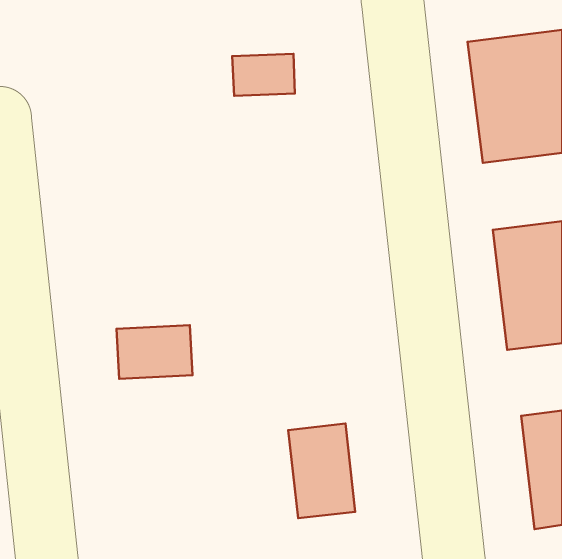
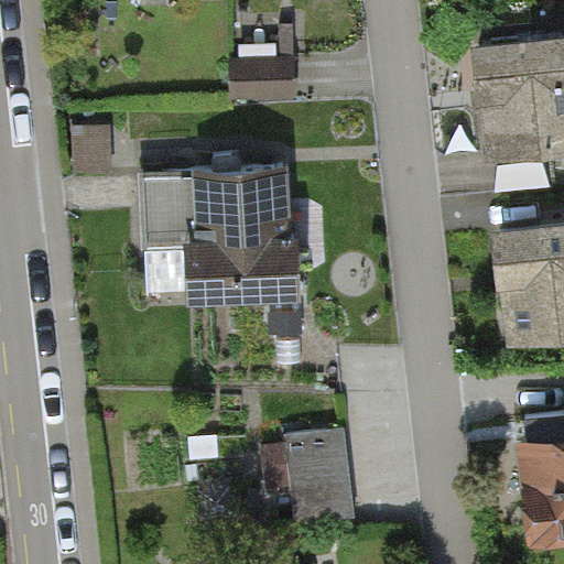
building: none -> [142,165,300,302]
building: [117,325,192,379] -> none

